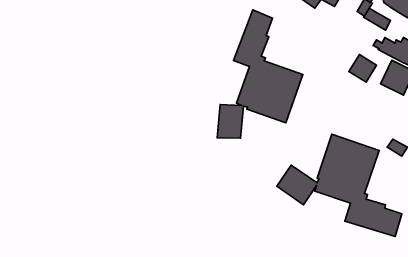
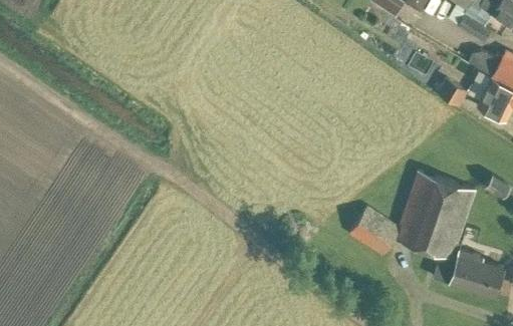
building: [217,10,303,138] -> none

